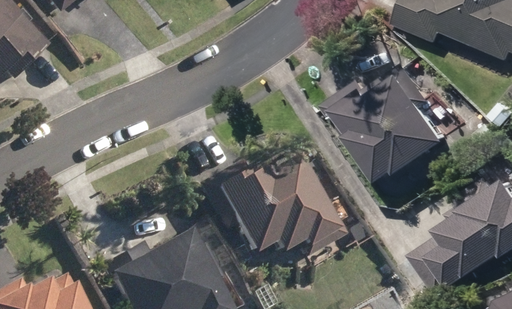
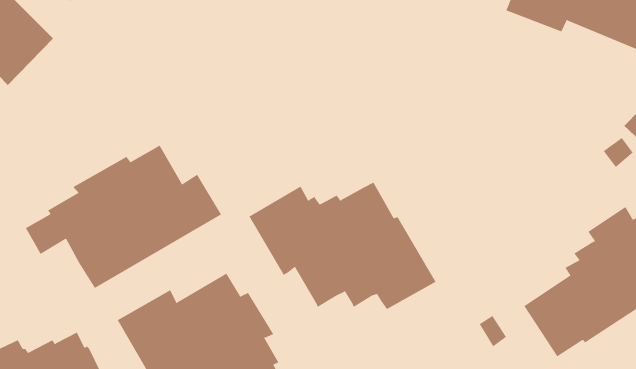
building: [327,61,460,178] -> none
building: none -> [25,145,222,289]

